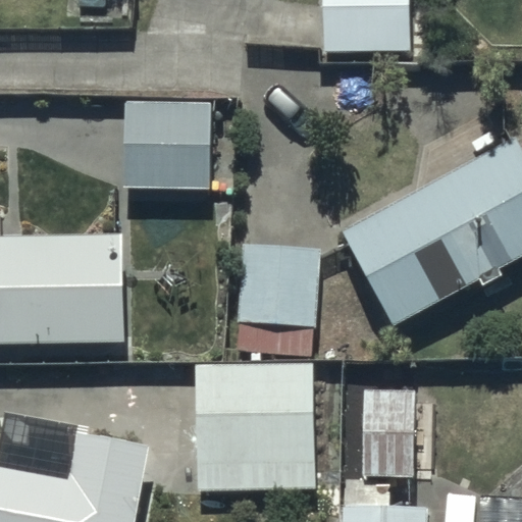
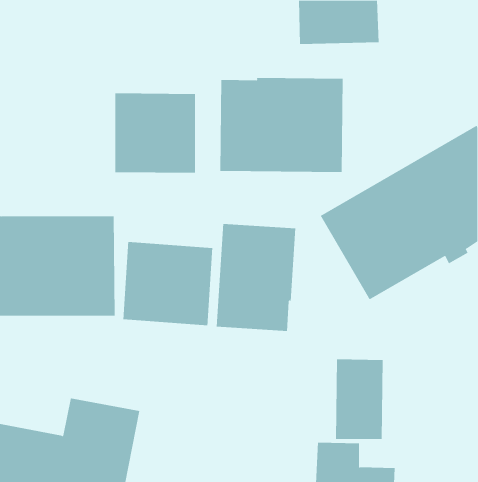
building: none -> [220,77,343,173]
building: none -> [123,241,213,326]
building: [195,366,312,489] -> none

